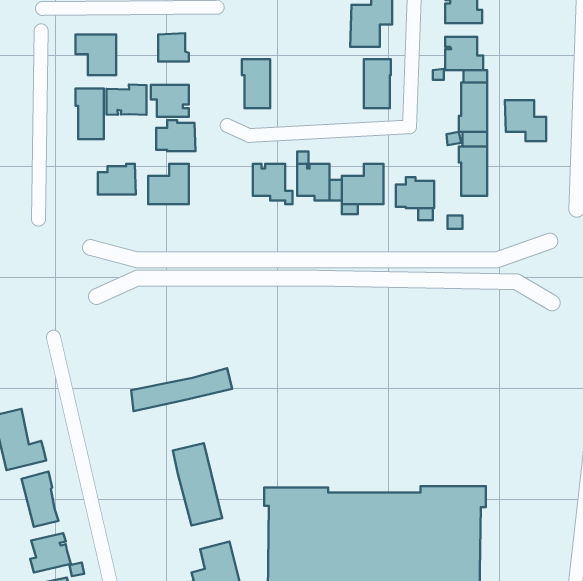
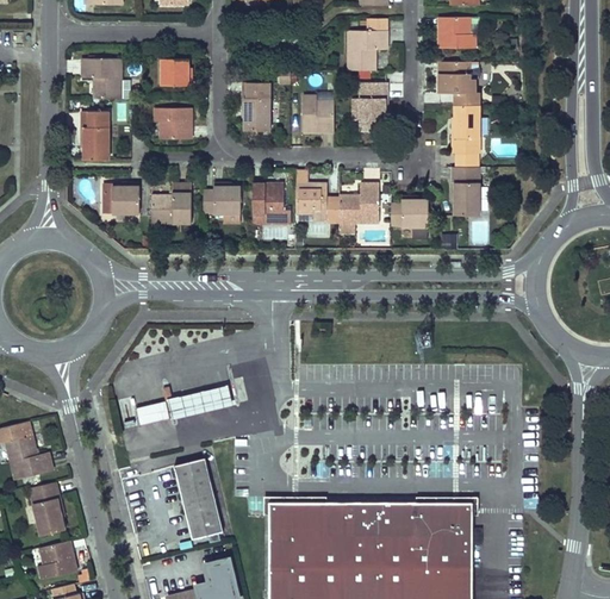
building: none -> [303,96,334,133]
building: [107,85,147,115] -> none
building: [505,100,546,141] -> none
building: [156,120,196,151] -> [203,185,241,214]

